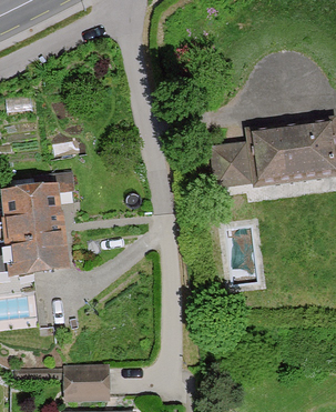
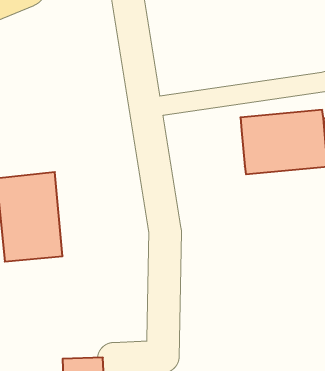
building: [212,141,252,181] -> none

